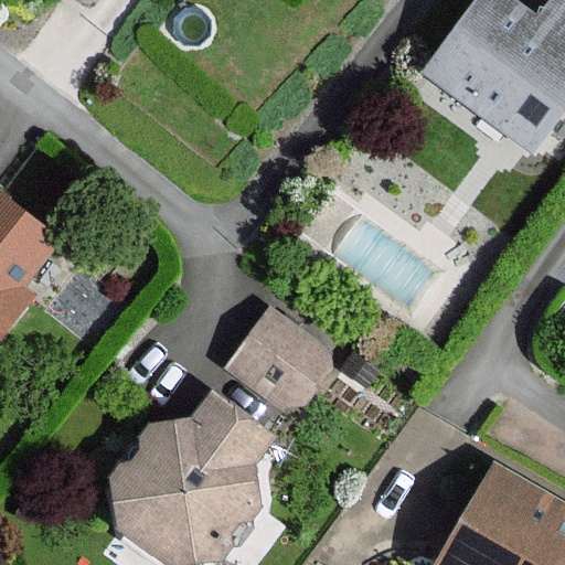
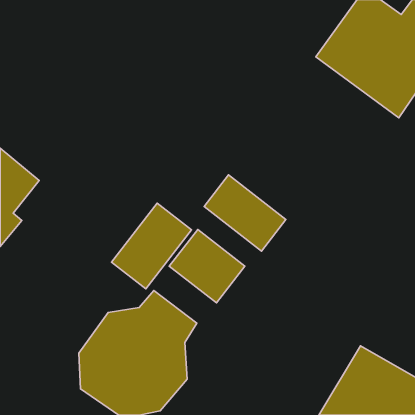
building: none -> [204,175,286,251]
building: none -> [111,203,192,289]

